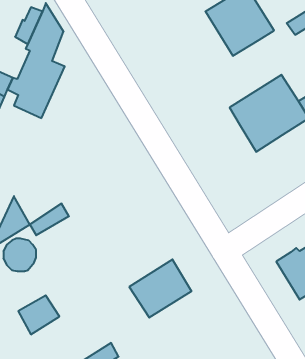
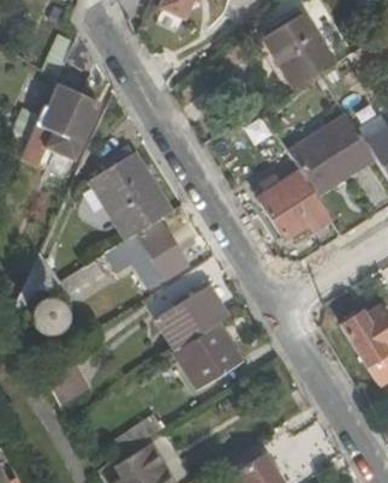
building: none -> [90,154,173,240]
building: none -> [256,169,332,243]
building: none -> [125,222,190,288]
building: none -> [155,284,226,346]

